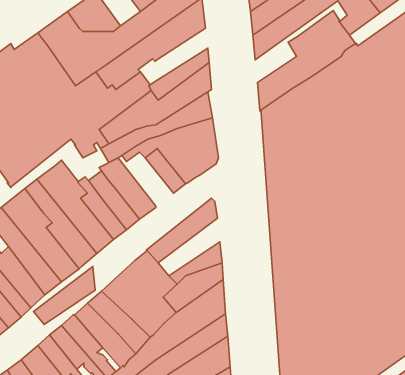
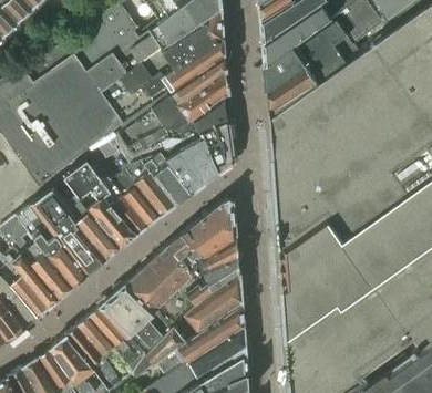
building: none -> [158,38,224,91]
building: none -> [268,48,307,89]
building: none -> [140,154,192,205]
building: [34,267,95,324] -> [177,216,235,270]

